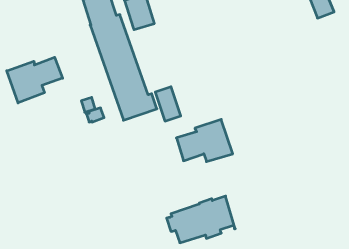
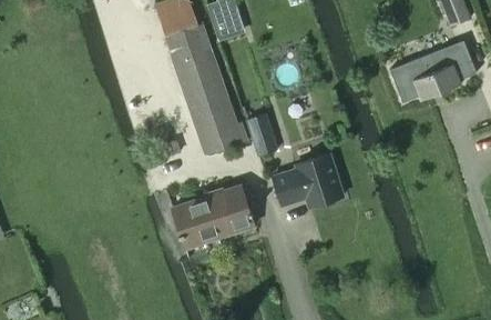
building: none -> [390,46,474,106]
building: [7,57,63,103] -> none
building: [167,196,235,243] -> [166,184,253,243]

